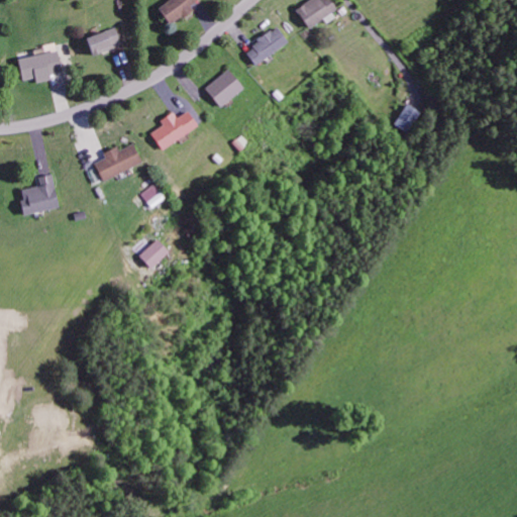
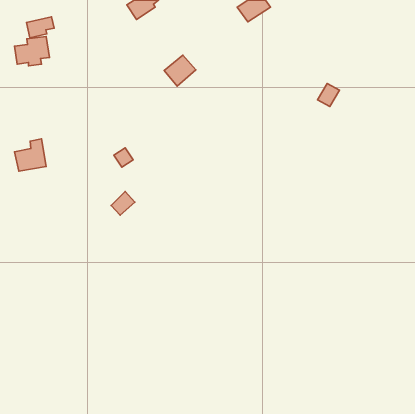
building: [86,28,120,55] -> [26,17,54,38]
building: [244,29,288,65] -> none
building: [150,111,198,149] -> none
building: [94,144,141,182] -> none

